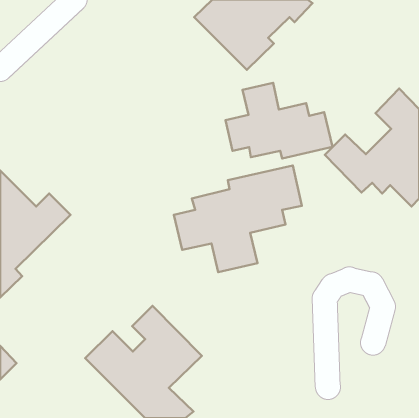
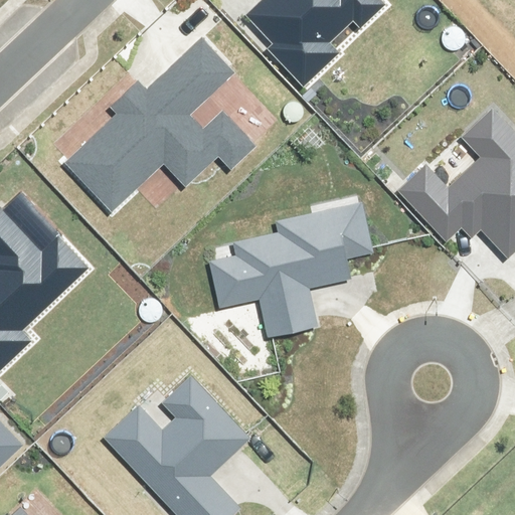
building: none -> [65,41,255,209]
building: [226,83,332,158] -> none

